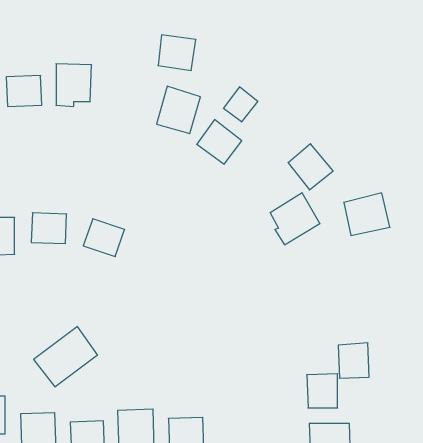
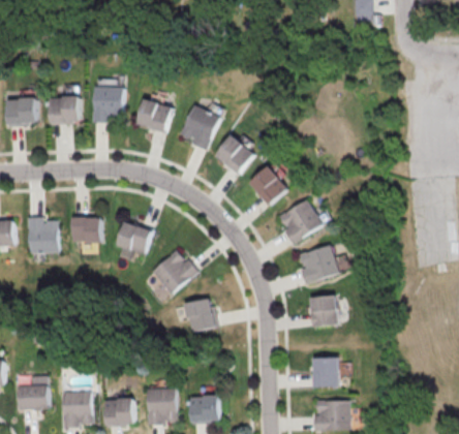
building: [158,35,196,70] -> [139,100,172,131]
building: [224,87,258,122] -> none
building: [288,144,333,190] -> [250,165,289,206]
building: [344,193,390,236] -> [299,245,339,282]
building: none -> [186,299,216,331]
building: [34,327,98,387] -> [142,249,197,302]
building: [338,343,369,378] -> [310,294,337,326]

